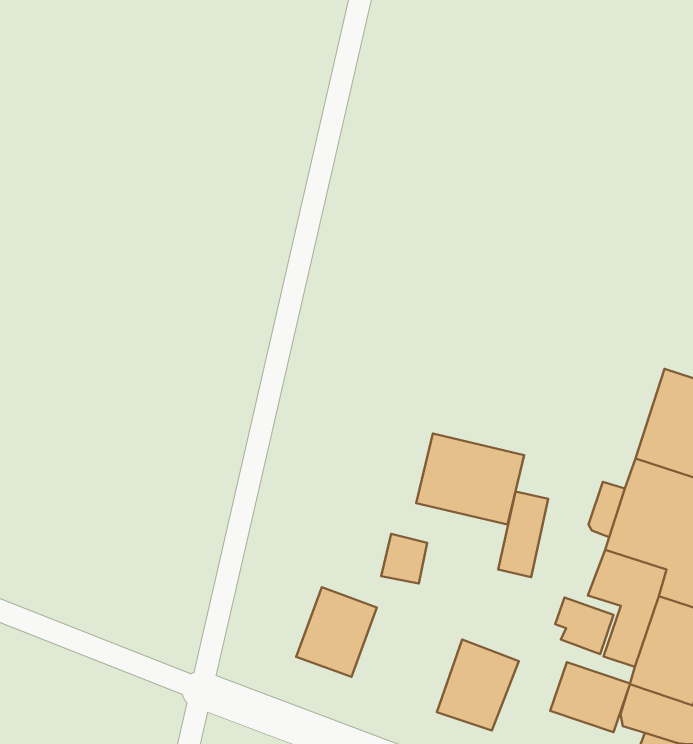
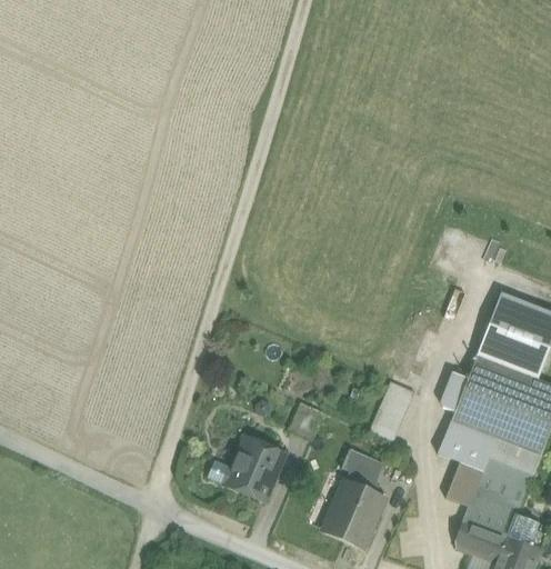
building: [416,433,524,525] -> none
building: [555,597,613,654] -> [341,449,383,491]
building: [550,662,630,732] -> none

